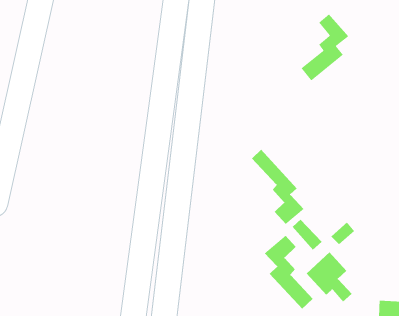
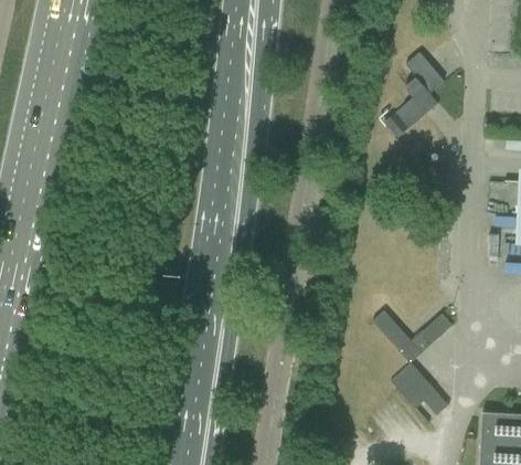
building: [251,149,305,225] -> none
building: [264,235,314,310] -> none

